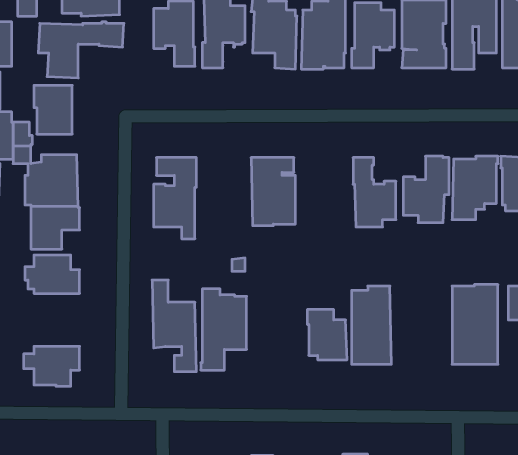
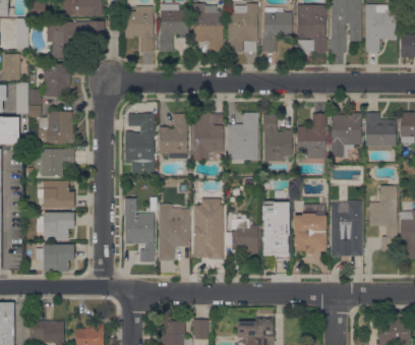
building: none -> [227,113,259,161]
building: none -> [159,114,188,159]
building: none -> [194,207,223,255]
building: none -> [37,213,74,240]
building: none -> [293,214,327,254]

